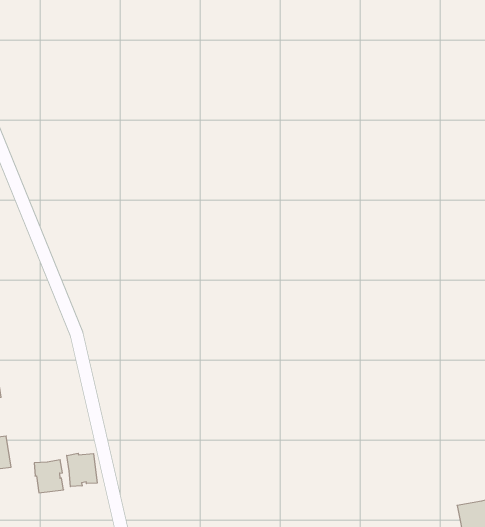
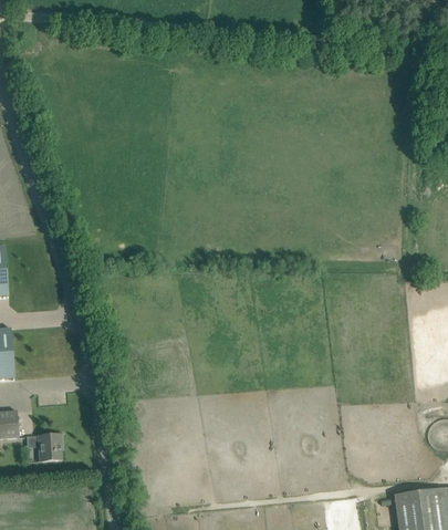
building: [67,453,97,487] -> none

